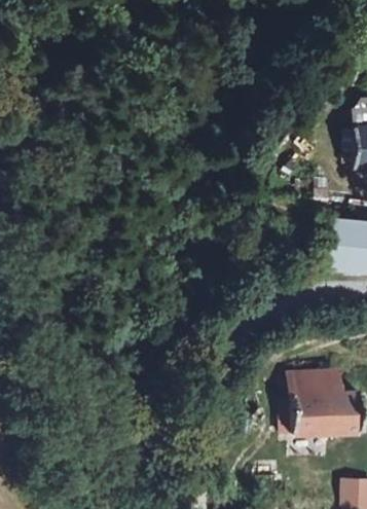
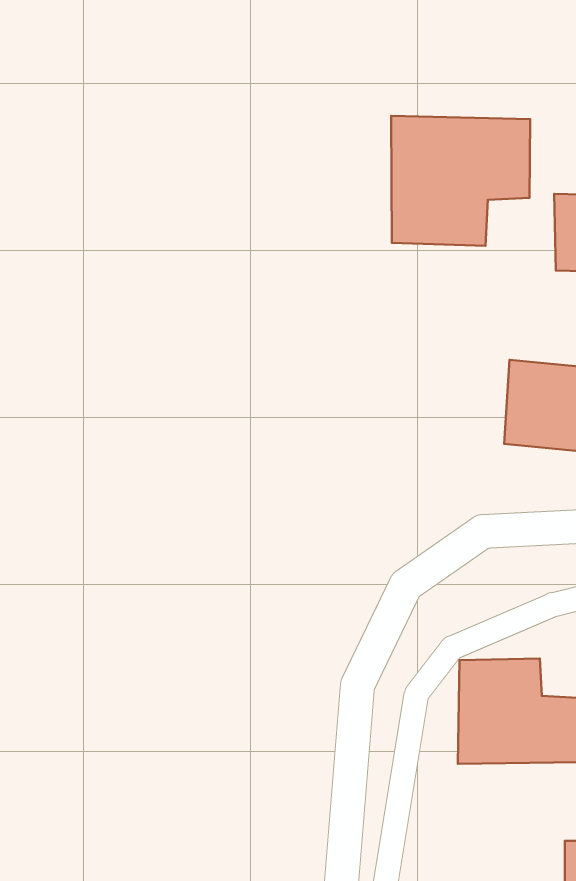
building: none -> [391,116,530,246]

